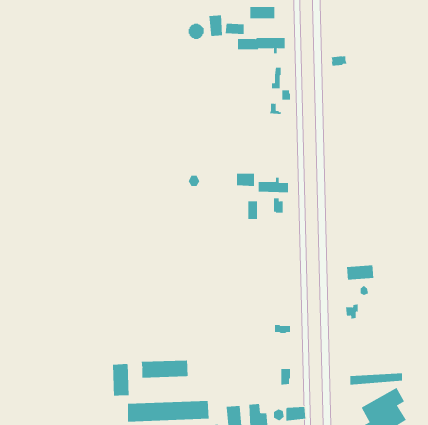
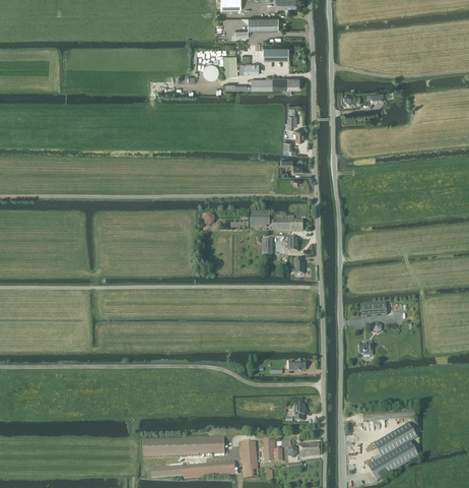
building: [141,360,188,378] -> none
building: [112,363,129,397] -> none

